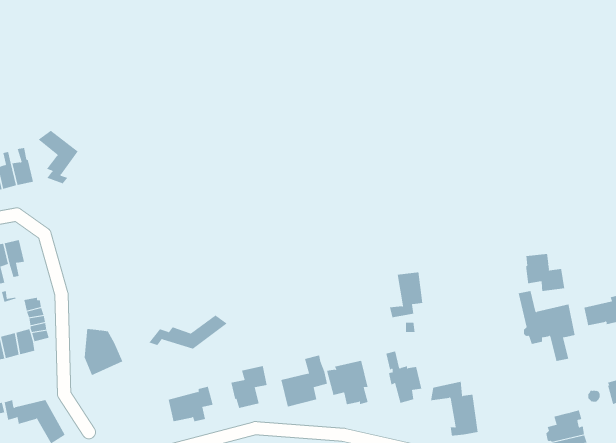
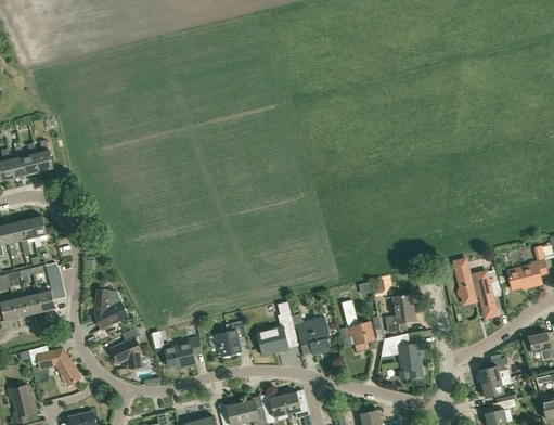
building: [37,130,79,184] -> none
building: [525,253,565,292] -> none
building: [389,272,423,318] -> [385,294,413,332]
building: [149,315,228,350] -> none
building: none -> [111,327,141,368]

